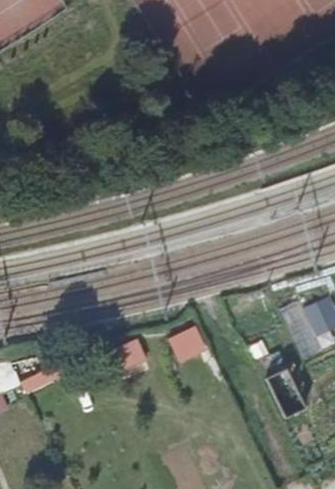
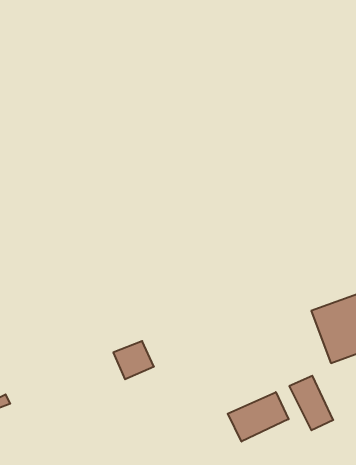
building: [168,324,207,361] -> none
building: none -> [228,392,289,442]

